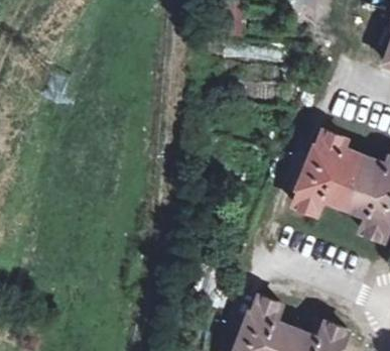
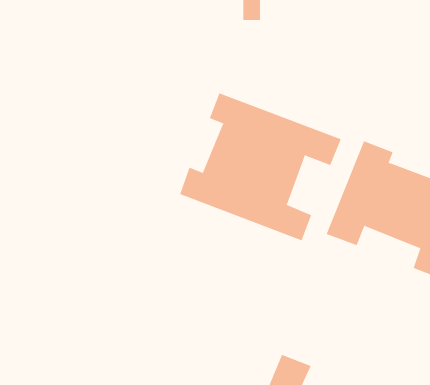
building: none -> [180,92,341,241]

